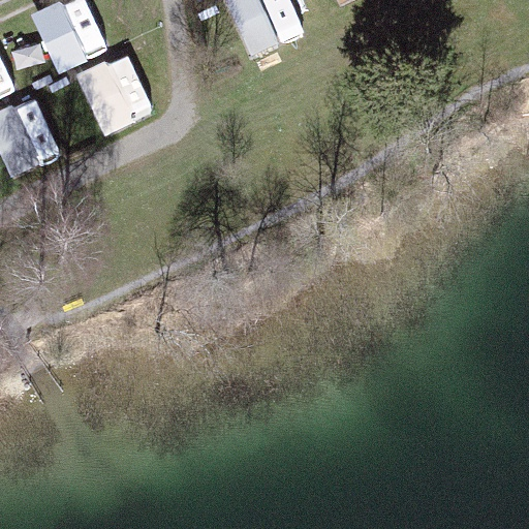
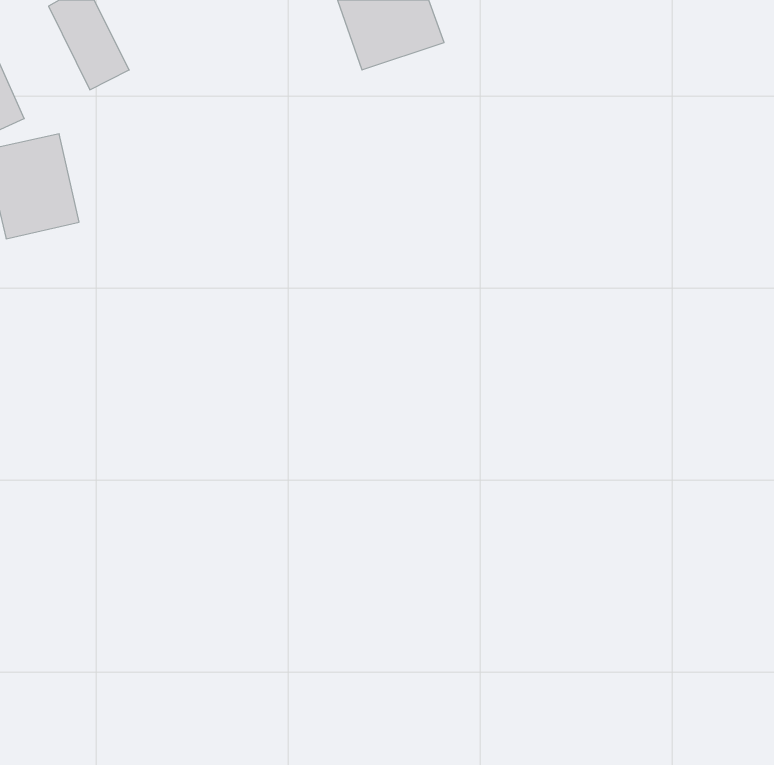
building: [82,55,148,130] -> none

